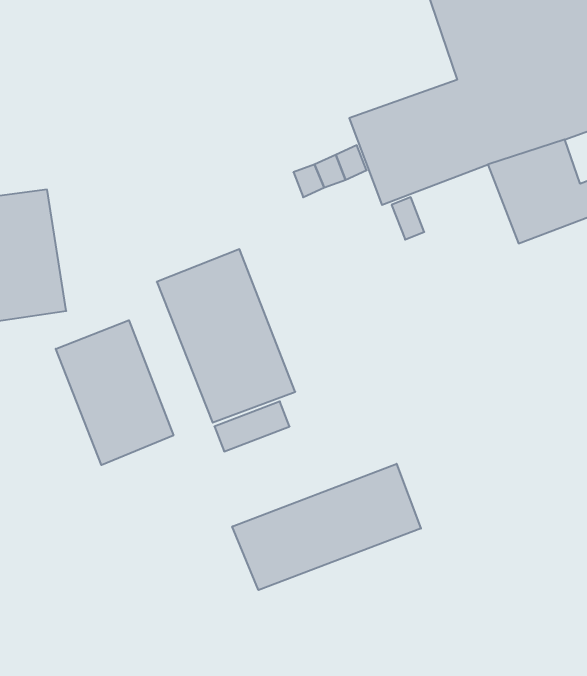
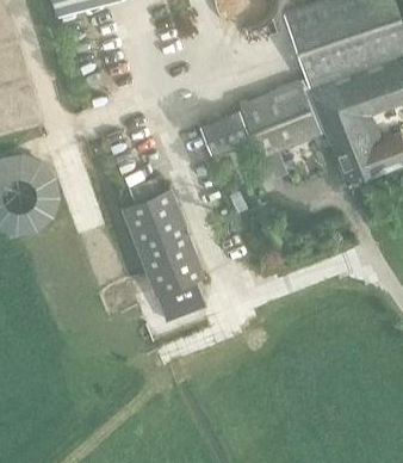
building: [56,320,173,465] -> none
building: [232,464,421,590] -> none

